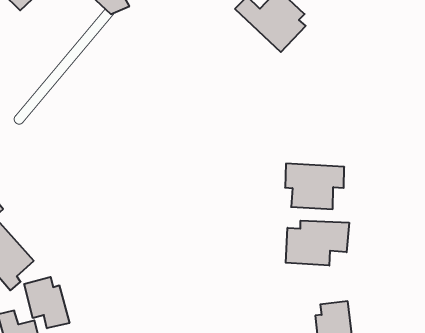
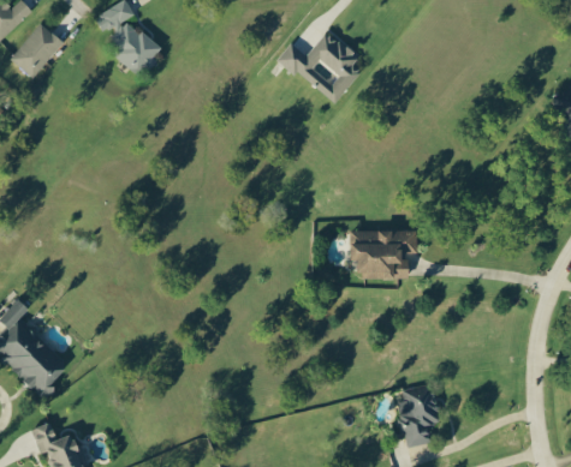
building: [286,221,349,266] -> none
building: [24,277,69,328] -> none

